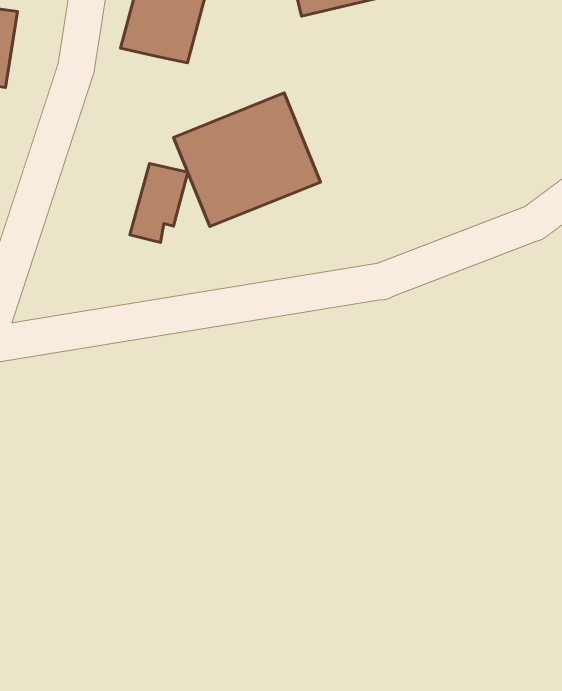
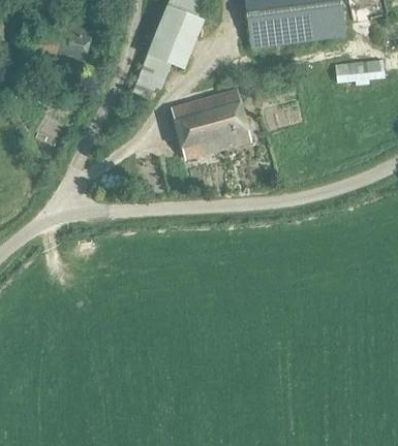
building: none -> [334,59,385,83]
building: [130,164,188,243] -> [132,54,169,98]

